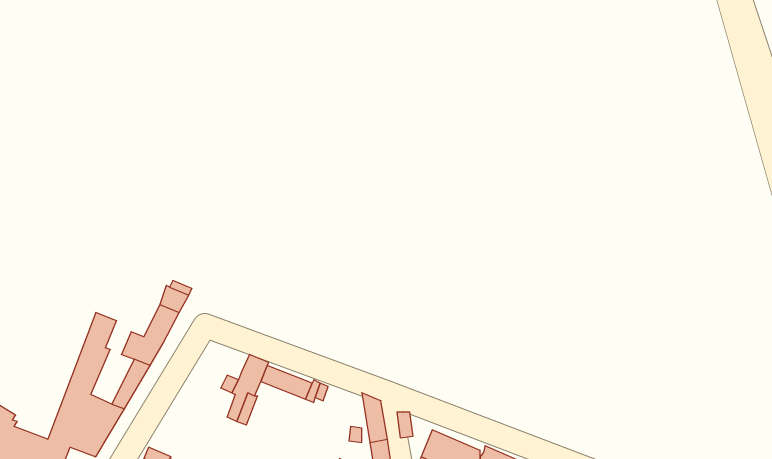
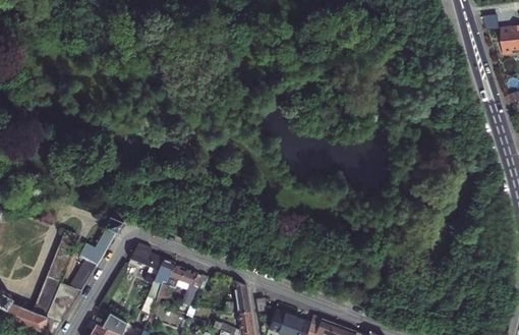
building: none -> [128,243,161,268]

